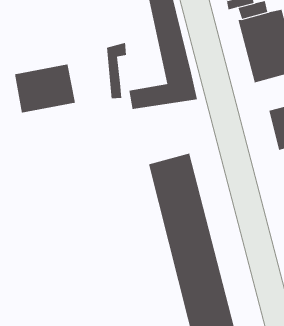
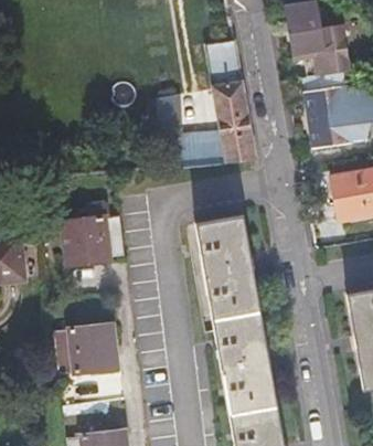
building: [14,64,76,113] -> [58,213,124,263]
building: none -> [54,325,117,374]

